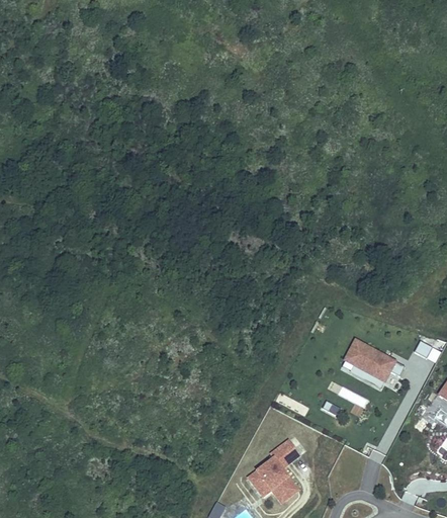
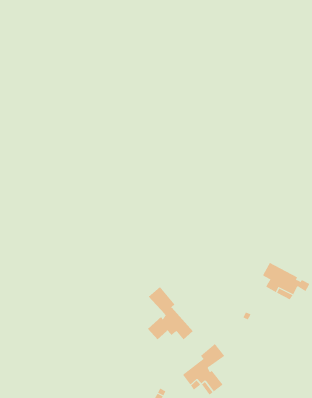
building: none -> [147,286,193,340]

